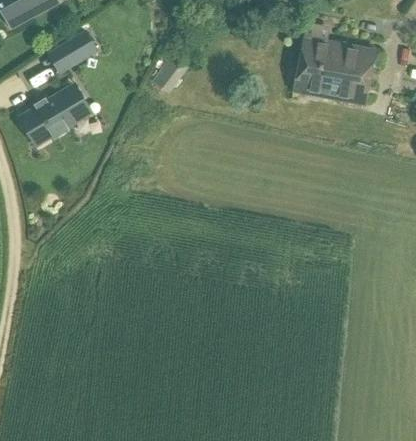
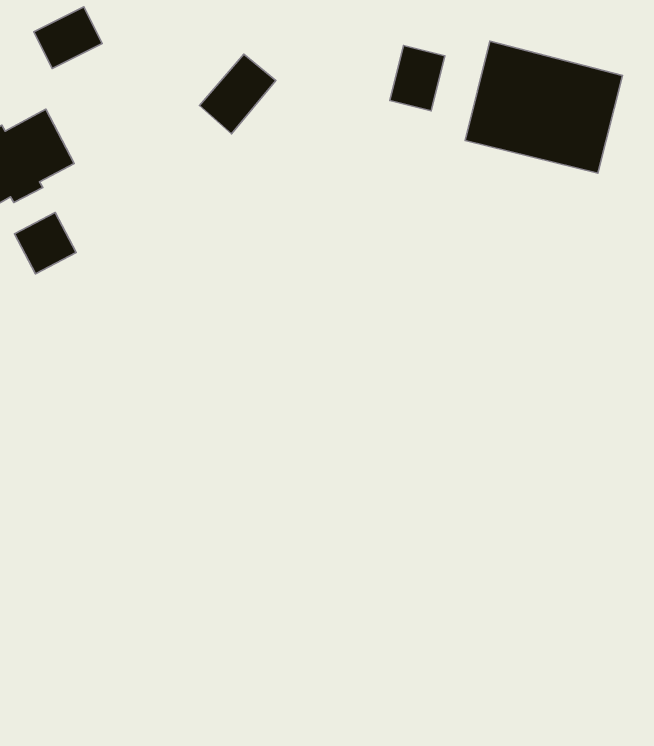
building: none -> [390,45,445,111]
building: none -> [14,213,76,274]

